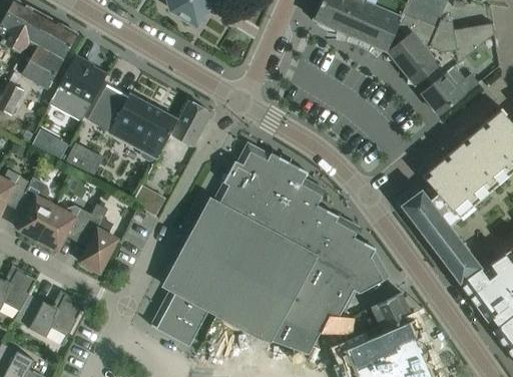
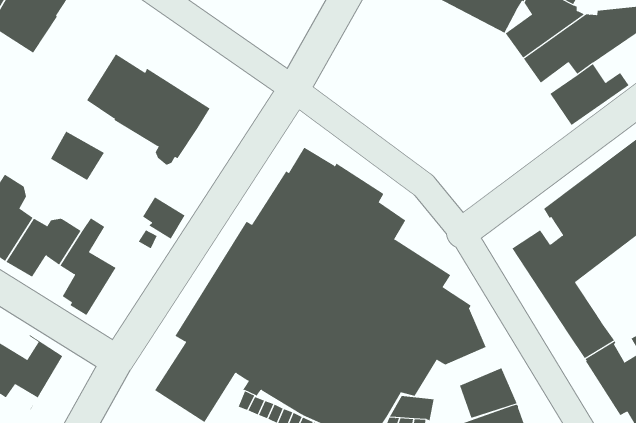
building: [49,56,106,121] -> none
building: [169,99,210,147] -> none
building: [33,130,67,159] -> none

